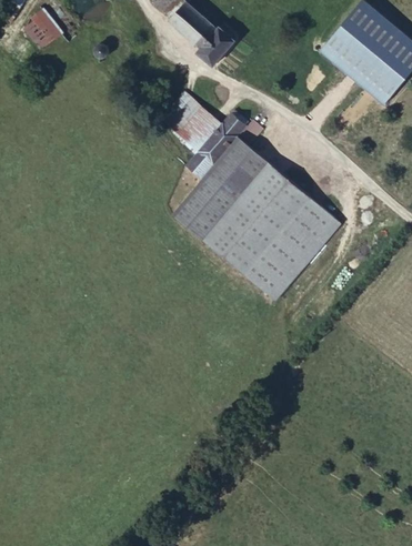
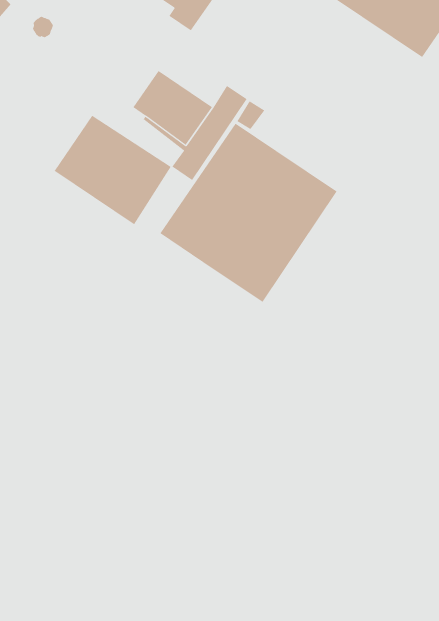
building: none -> [54,115,172,225]
building: [244,199,335,296] -> none

